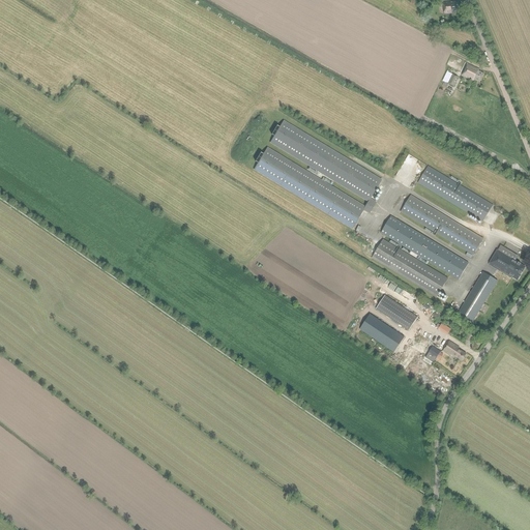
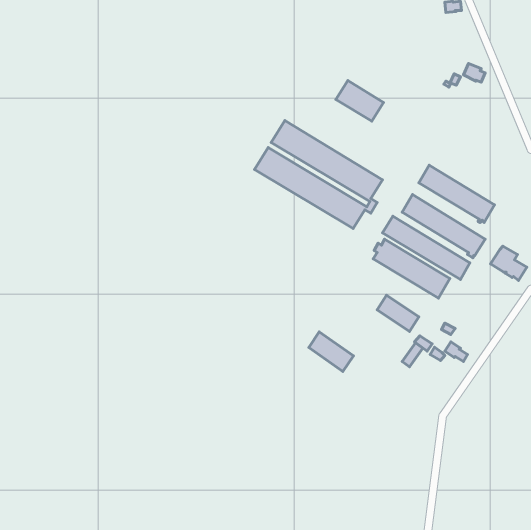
building: none -> [336,81,384,121]
building: [457,271,498,324] -> none
building: [360,312,405,351] -> [309,332,353,371]

